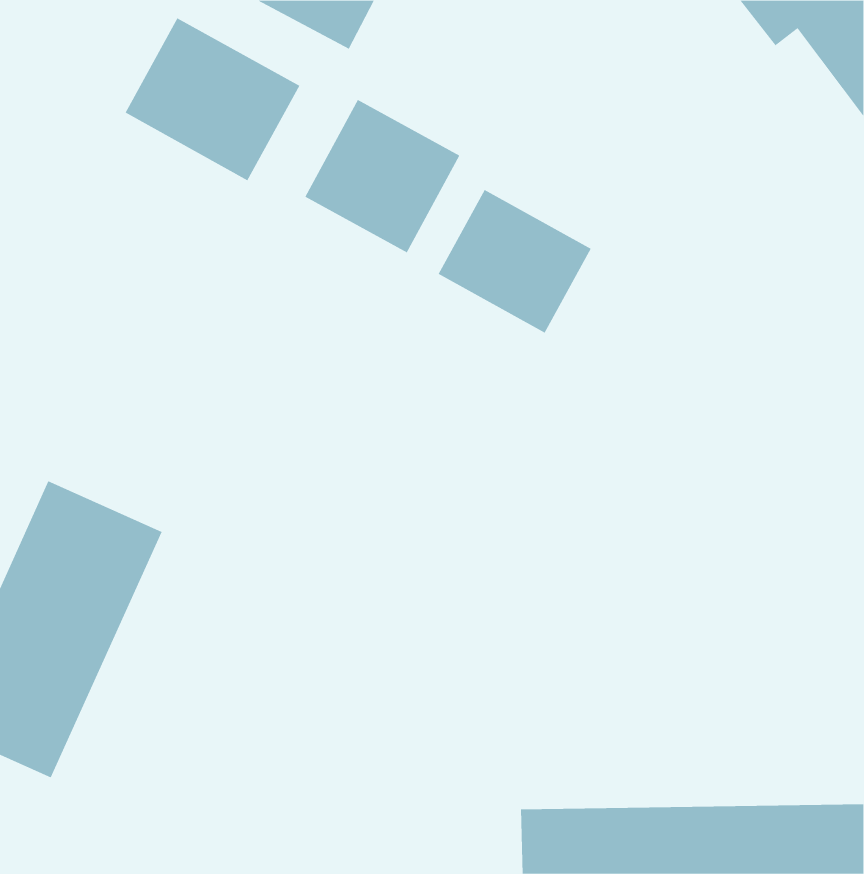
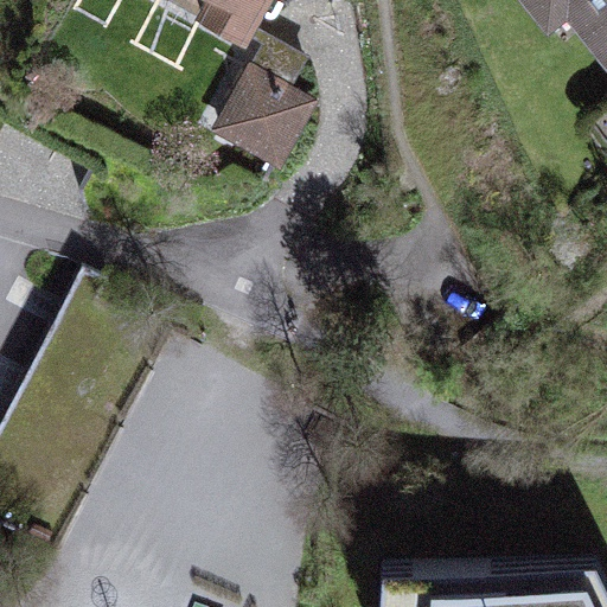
building: [125,18,300,181] -> none
building: [438,189,592,334] -> none

